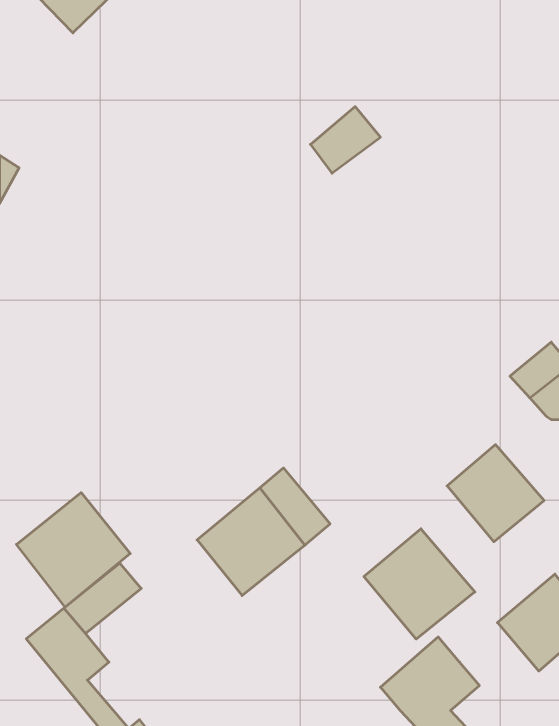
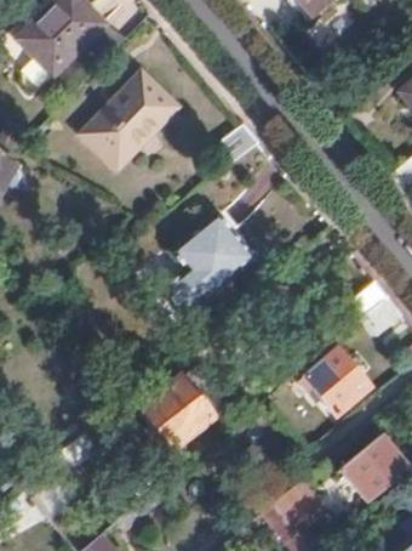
building: none -> [78,69,170,158]
building: none -> [168,212,262,313]
building: [16,493,130,607] -> none
building: [364,529,475,639] -> none

